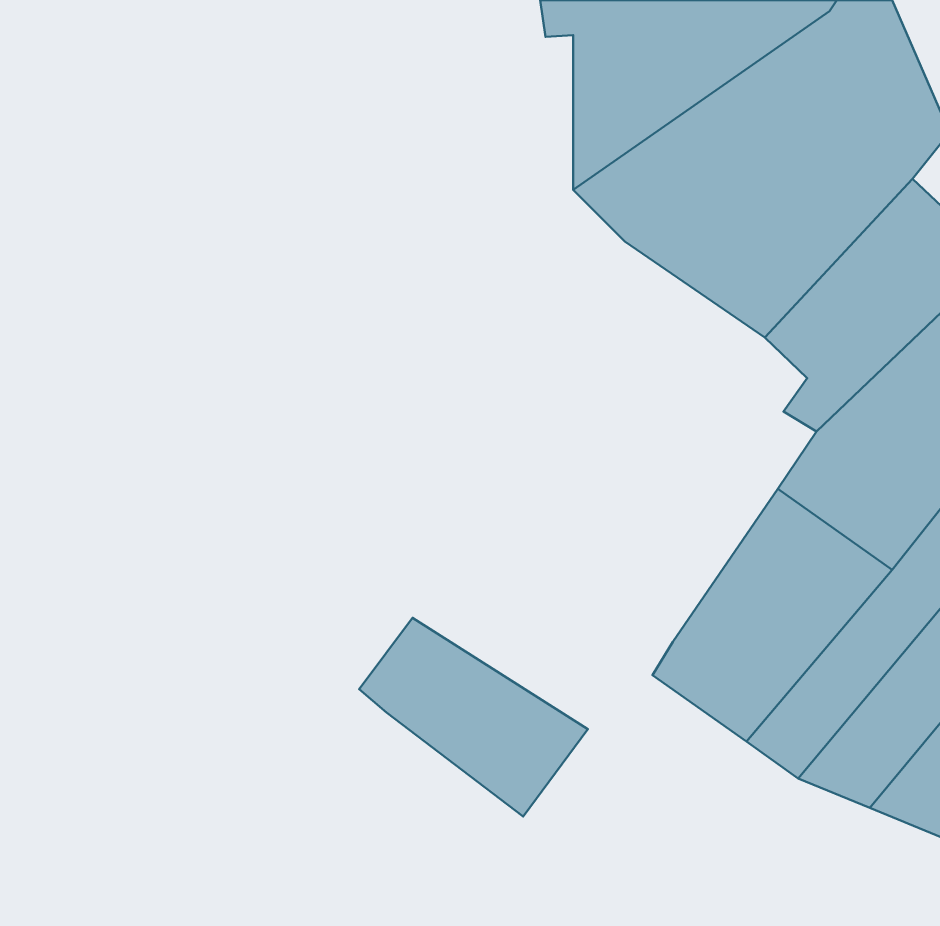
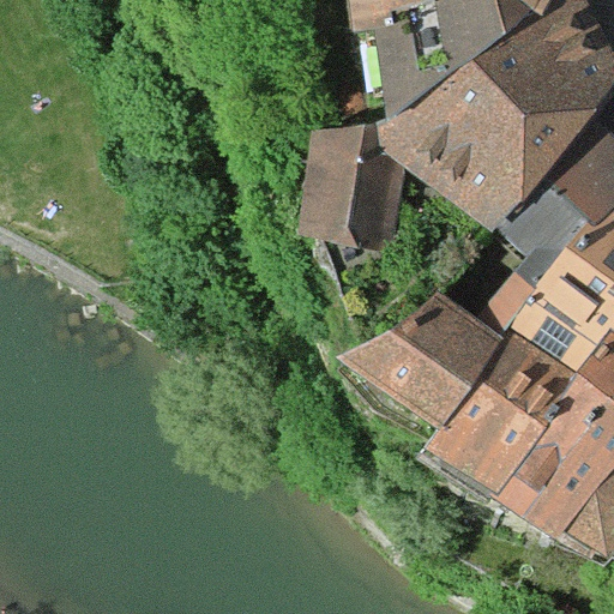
building: none -> [317,133,408,247]
building: none -> [342,278,532,428]
building: [359,618,588,816] -> none

